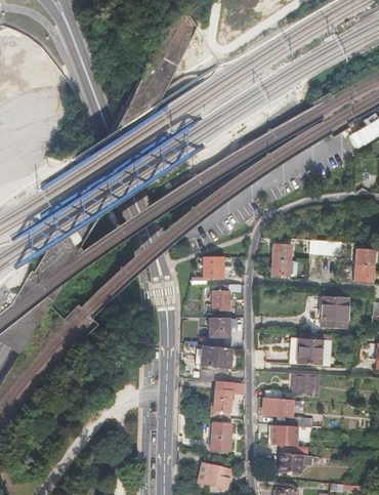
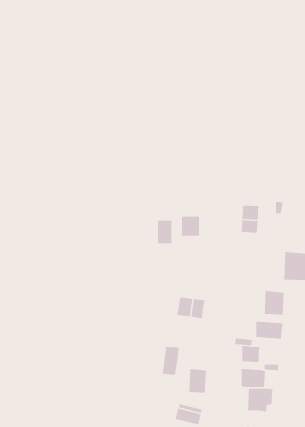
building: [213,285,229,312] -> [157,220,172,244]
building: [209,318,229,347] -> none
building: [217,381,237,414] -> [162,346,179,376]

